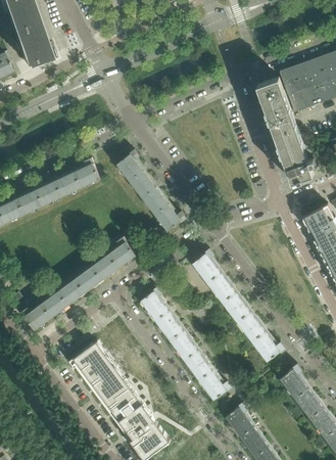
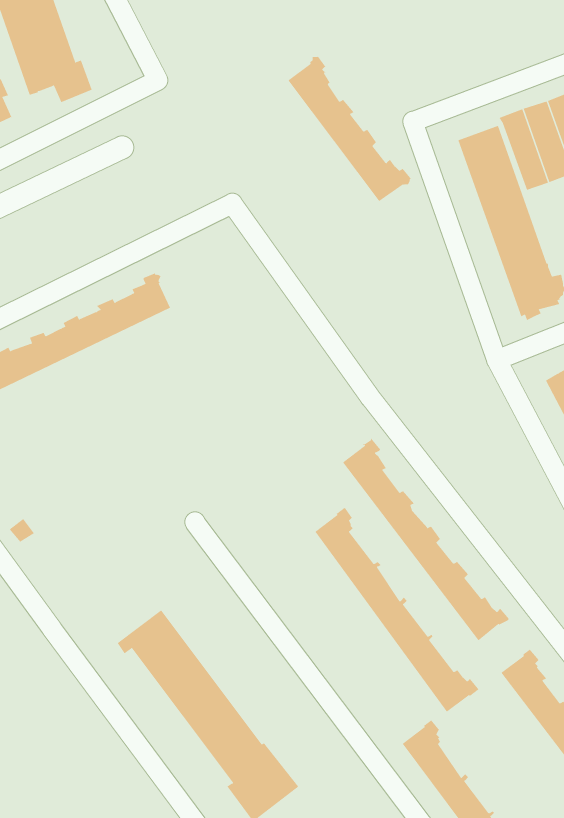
building: [116,149,185,230] -> [288,55,412,202]
building: [19,236,134,329] -> none
building: [140,286,231,400] -> [314,506,480,712]

